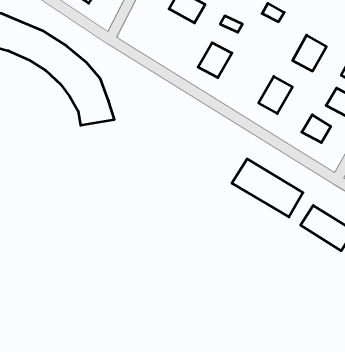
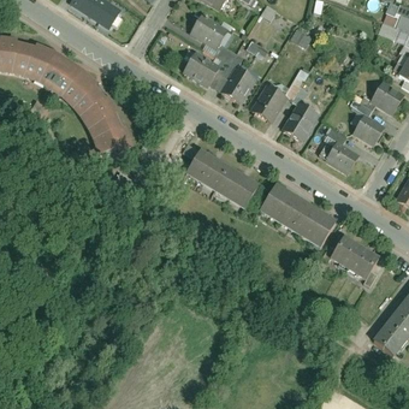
building: none -> [184,51,220,85]
building: [293,35,326,71] -> [251,84,286,121]
building: none -> [184,150,254,207]

